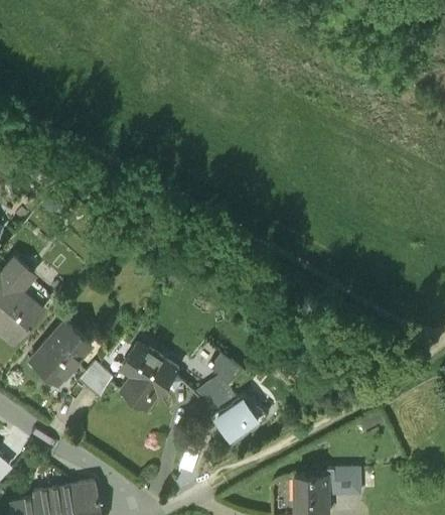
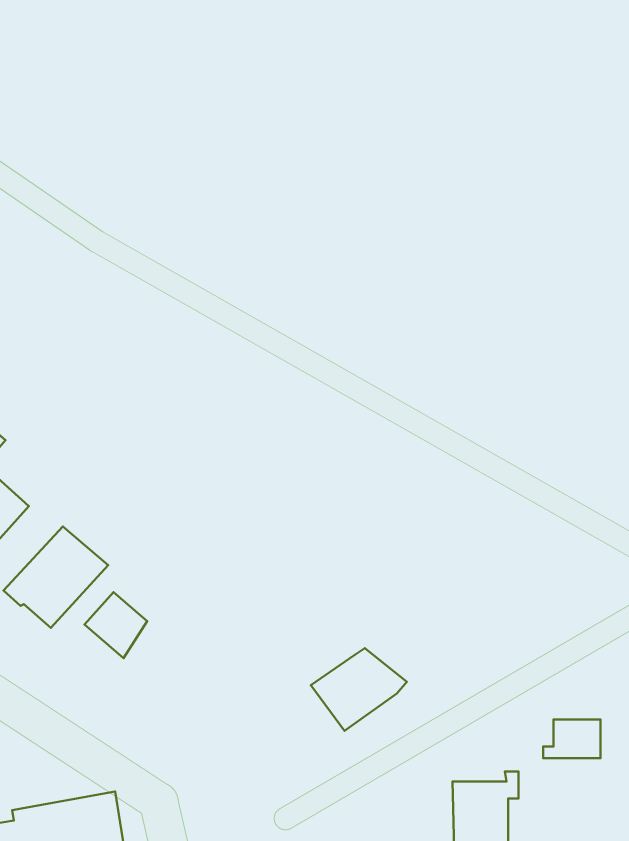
building: [120,344,179,409] -> none
building: [195,352,245,416] -> none
building: [329,468,363,491] -> [543,719,601,758]

